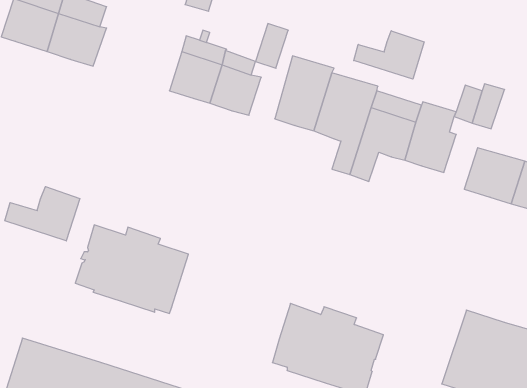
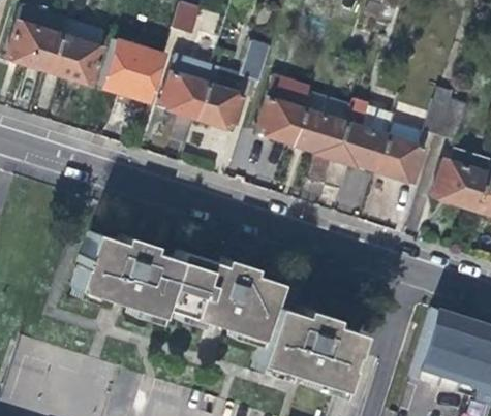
building: none -> [103,39,172,107]
building: [354,31,424,79] -> none
building: [5,187,80,241] -> none
building: none -> [161,250,278,337]

